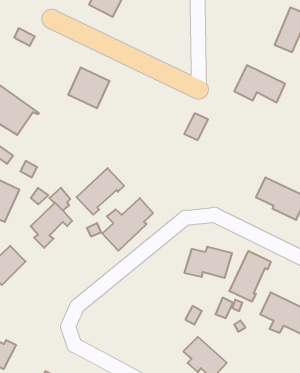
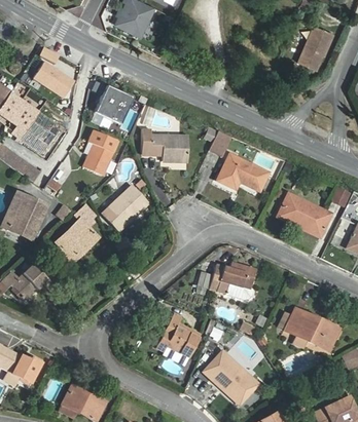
building: none -> [34,61,75,97]
building: [234,65,285,102] -> [217,154,267,191]
building: none -> [142,129,188,161]
building: none -> [84,130,118,175]
building: [102,198,153,251] -> none
building: [229,251,271,302] -> none
building: none -> [156,314,200,357]

